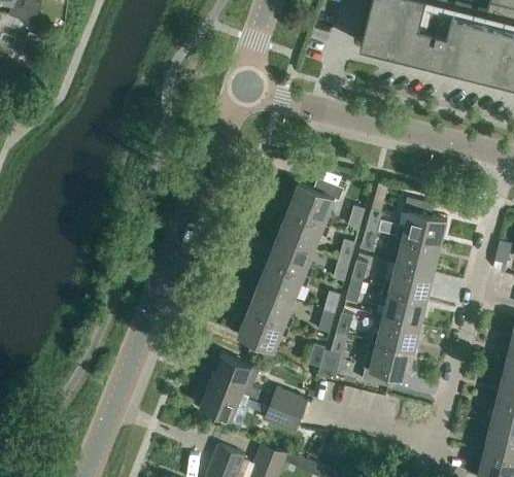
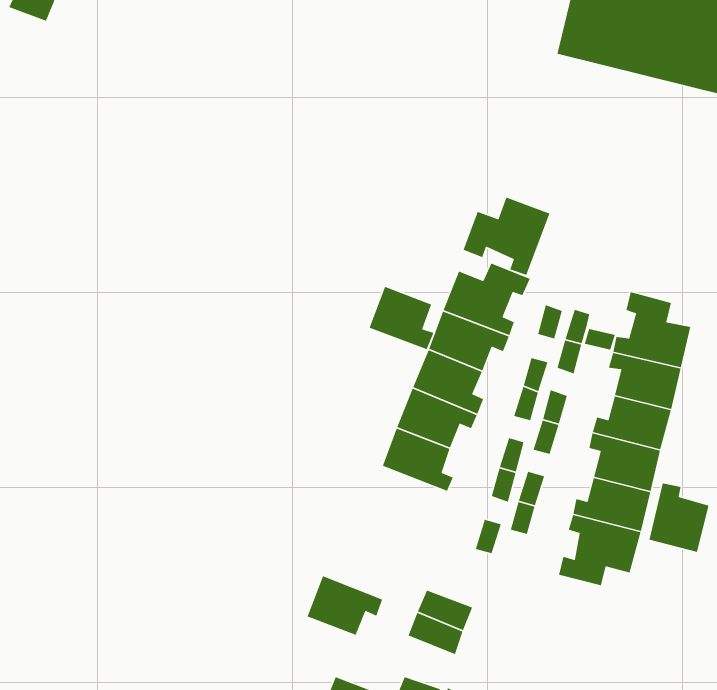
building: none -> [462,197,551,276]
building: none -> [368,286,434,350]
building: [238,311,290,365] -> none
building: none -> [648,482,710,553]
building: [210,355,252,397] -> none

